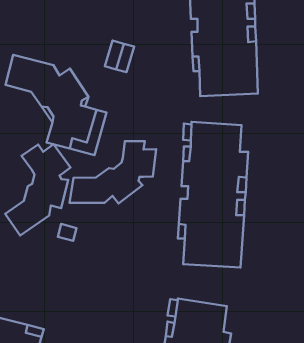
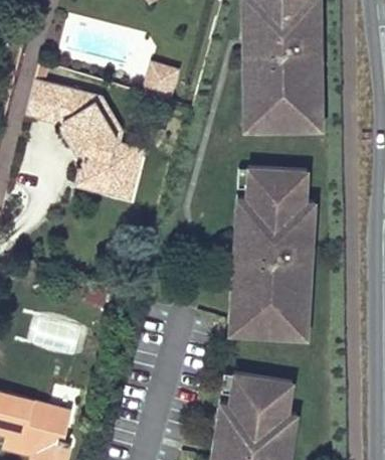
building: [70,141,156,203] -> none
building: [5,144,70,235] -> none

